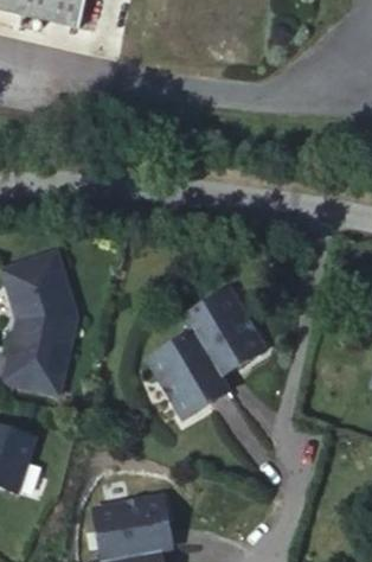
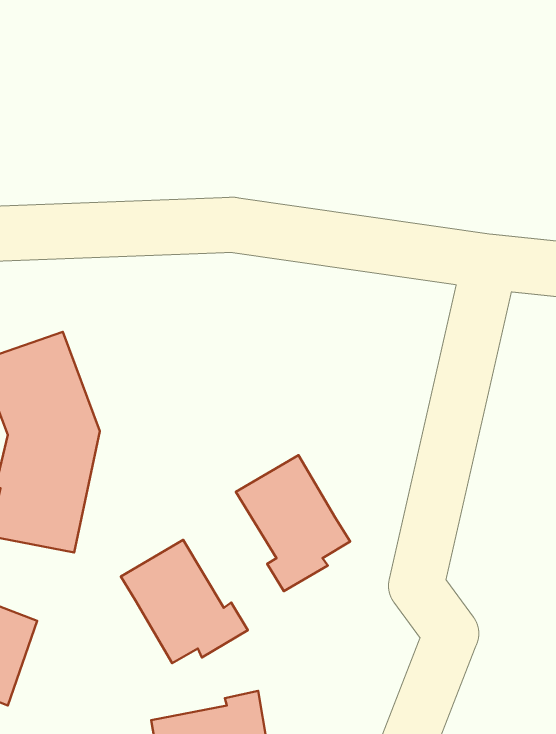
building: [191,290,272,370] -> [121,540,248,663]

